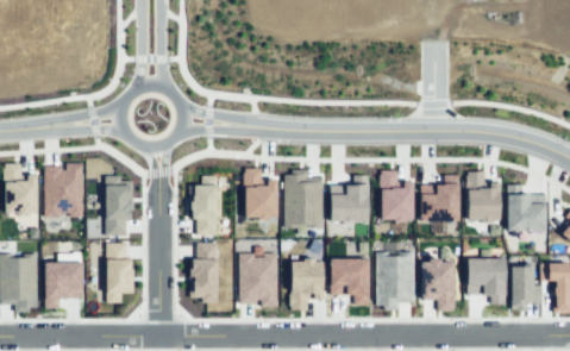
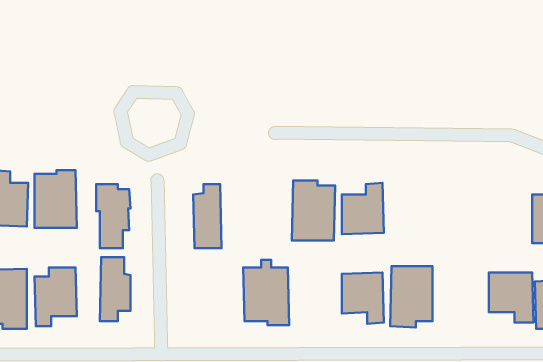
building: [245,169,278,219] -> none
building: [381,170,415,221] -> none
building: [468,171,501,221] -> none
building: [421,175,461,221] -> none
building: [190,243,220,303] -> none
building: [290,261,325,311] -> none
building: [422,261,456,312] -> none

